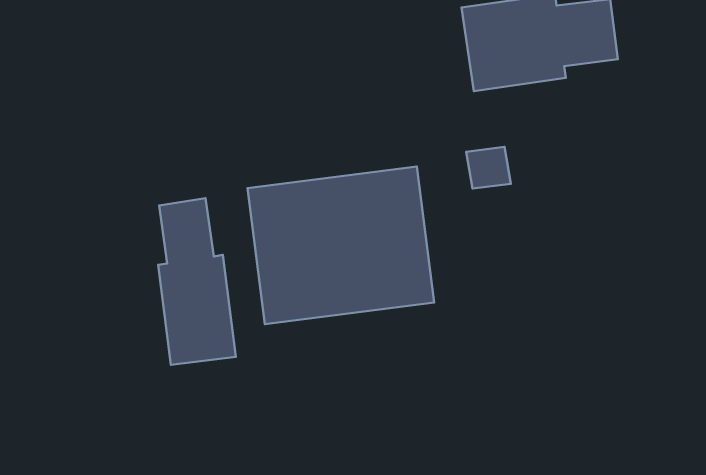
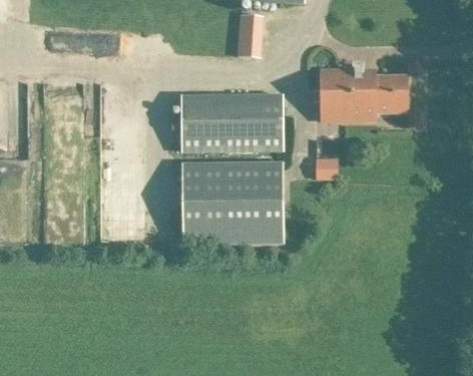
building: none -> [178,100,281,155]
building: [158,198,236,365] -> none

